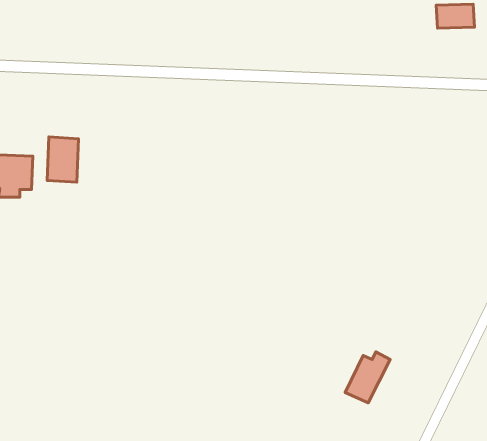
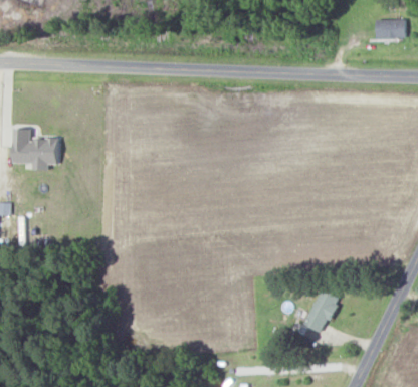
building: [47,137,79,182] -> none

